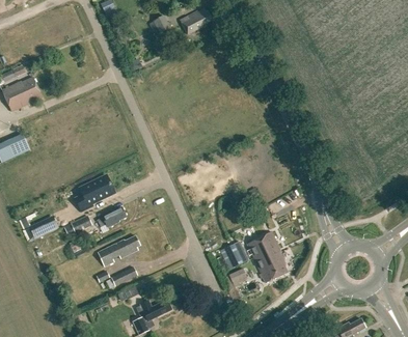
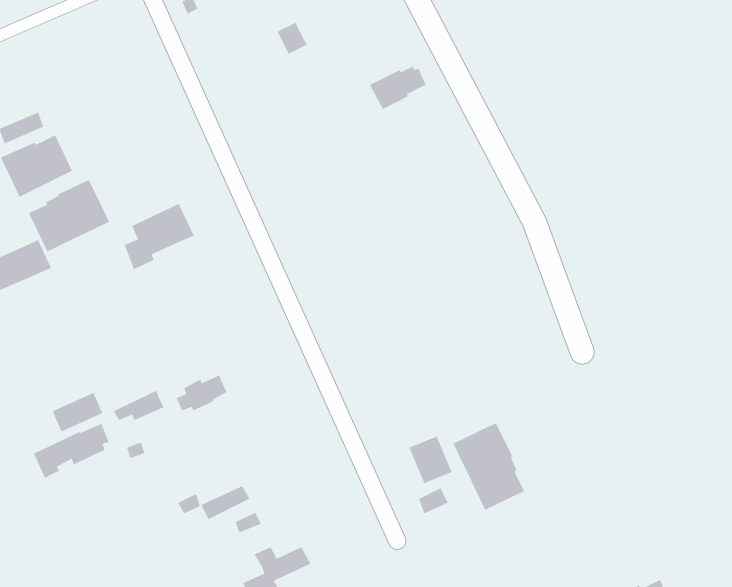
building: [181,10,212,34] -> [369,66,426,110]
building: none -> [28,179,110,252]
building: [76,175,114,212] -> [124,203,195,270]
building: [99,235,140,265] -> [33,423,109,478]

